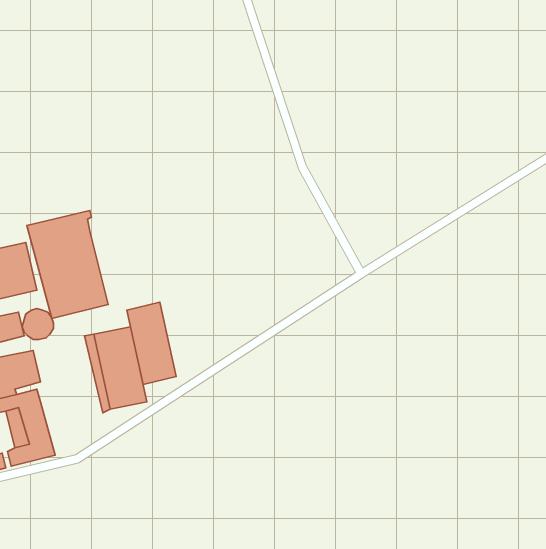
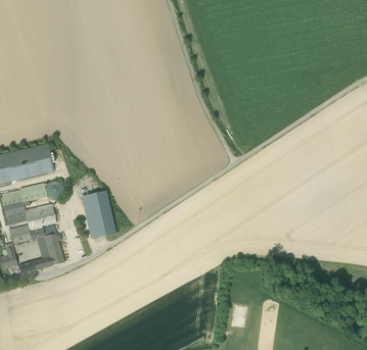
building: [27,210,108,319] -> none
building: [127,302,176,385] -> none

